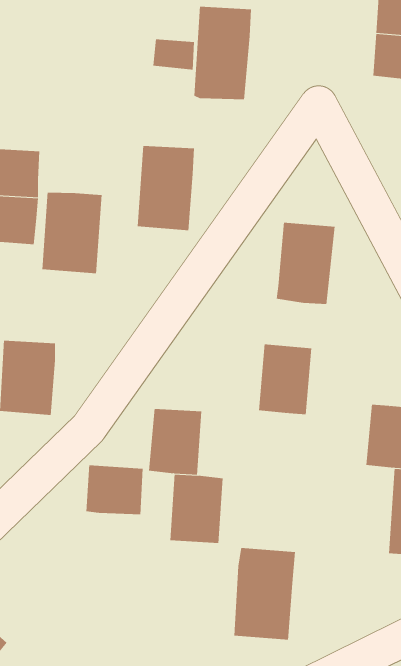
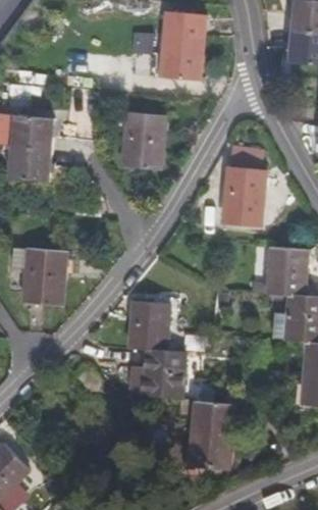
building: [42,192,102,274] -> none
building: [258,344,312,415] -> [268,246,307,297]
building: [86,465,143,515] -> none

